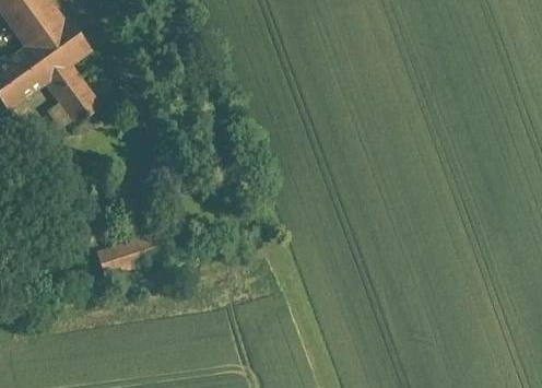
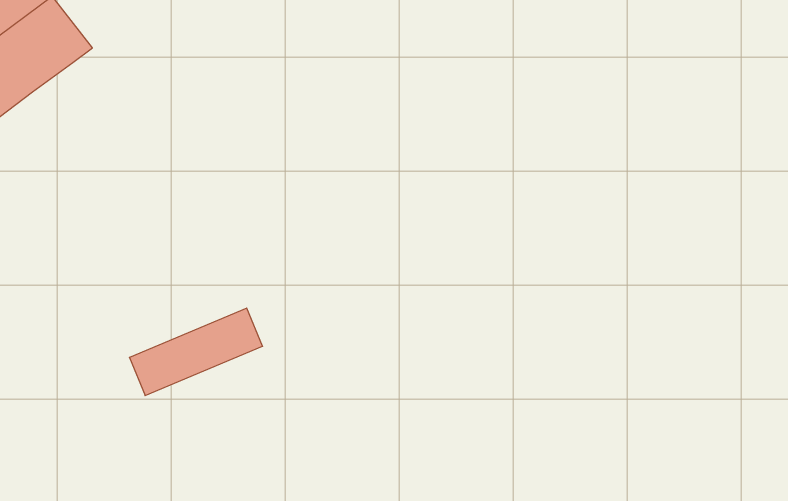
building: [47,61,102,120] -> none

